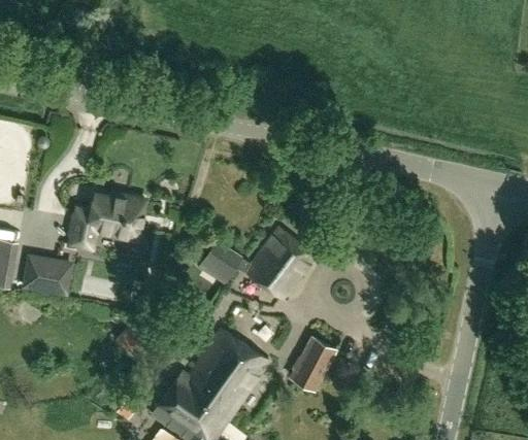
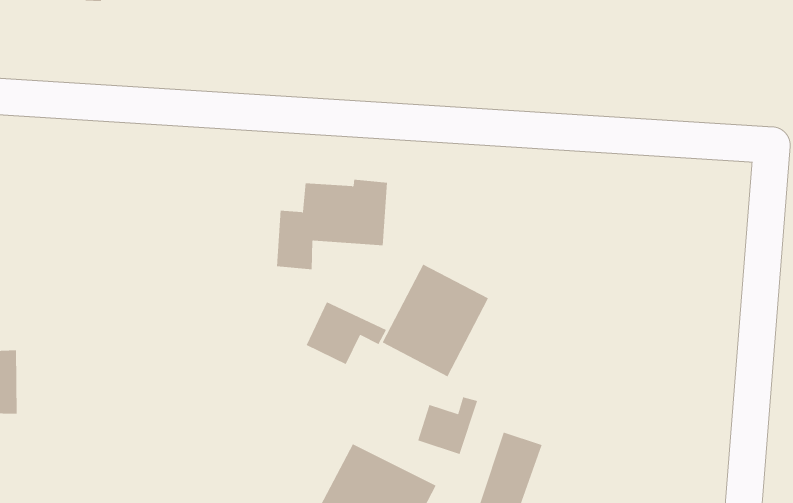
building: [70,193,145,246] -> [276,179,388,270]
building: [22,253,74,298] -> none
building: none -> [417,396,478,455]

